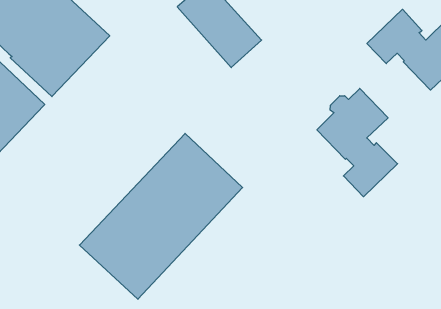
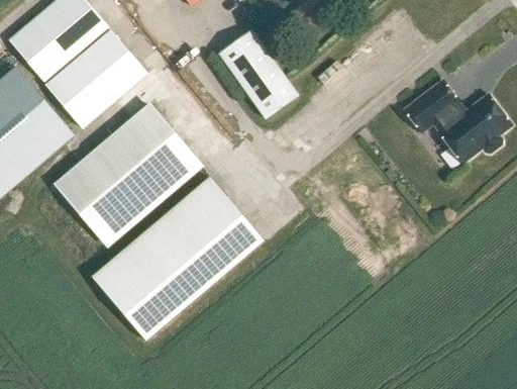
building: none -> [56,103,199,242]
building: [317,88,398,197] -> none

